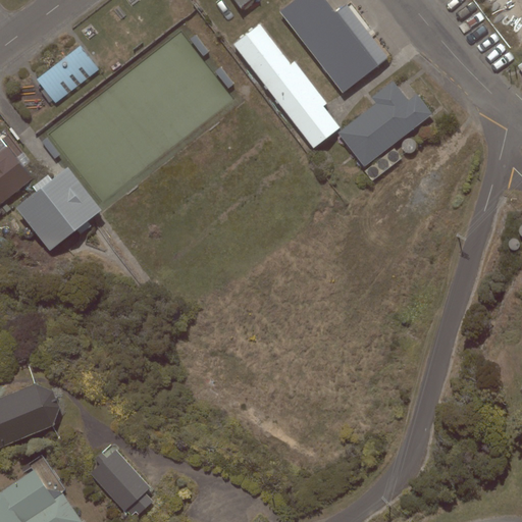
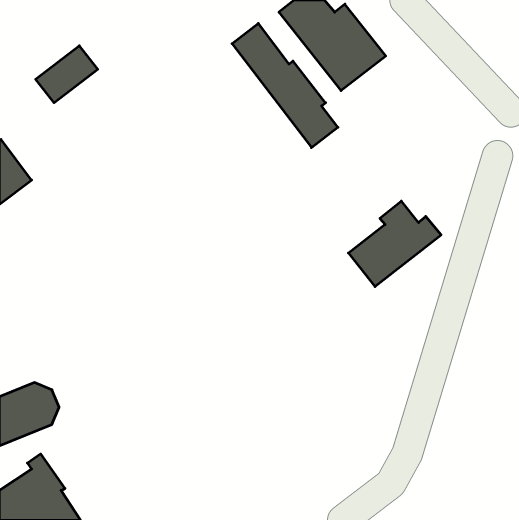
building: [337,81,430,166] -> [348,201,441,287]
building: [15,167,101,251] -> none
building: [89,449,152,516] -> none

